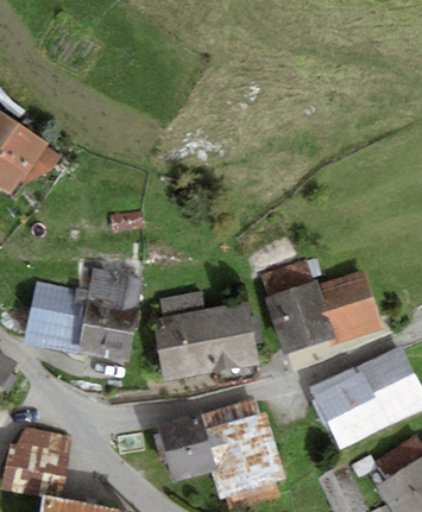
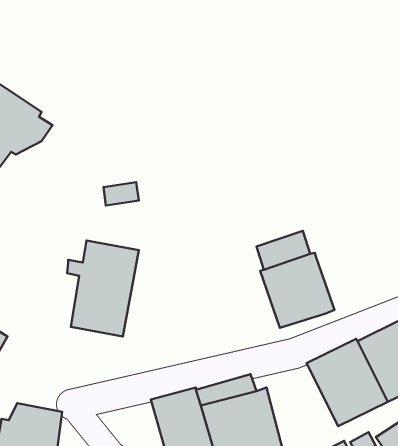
building: [317,271,382,347] -> none
building: [25,283,86,353] -> none
building: [150,292,259,387] -> none

